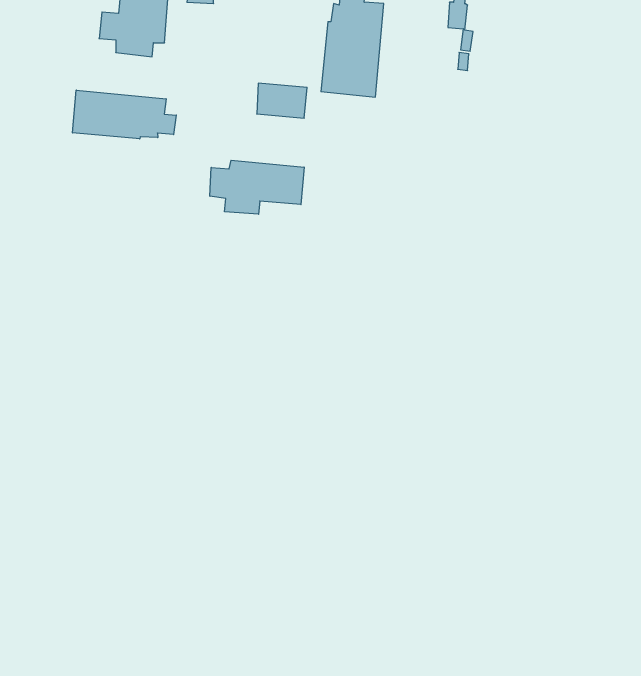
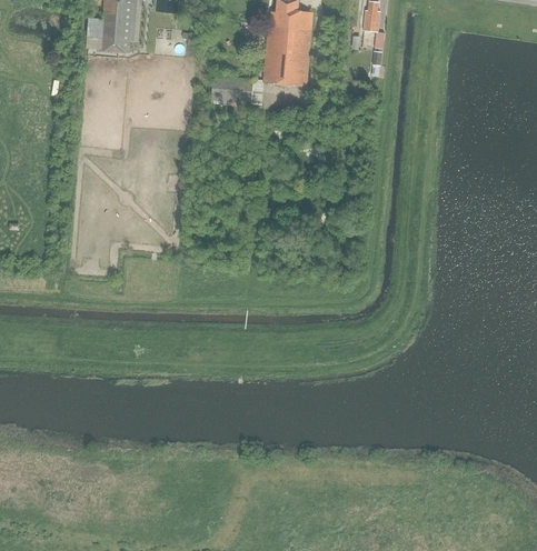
building: [73,90,176,139] -> none
building: [210,160,304,214] -> none

